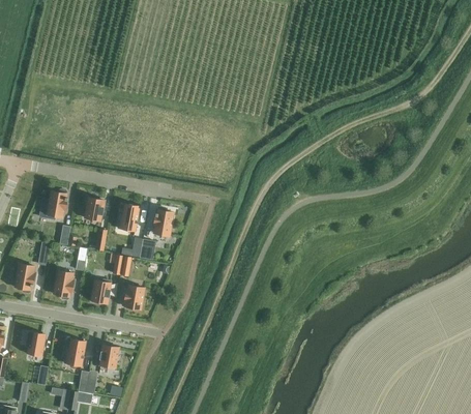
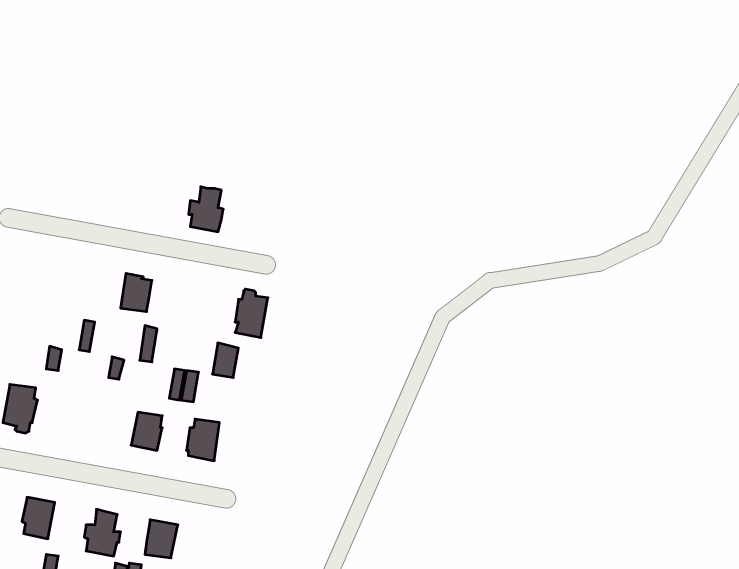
building: [38,189,66,219] -> none
building: [116,204,137,231] -> [189,187,223,232]
building: [53,270,72,300] -> none

